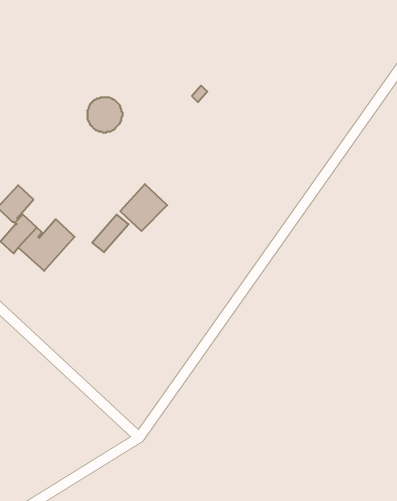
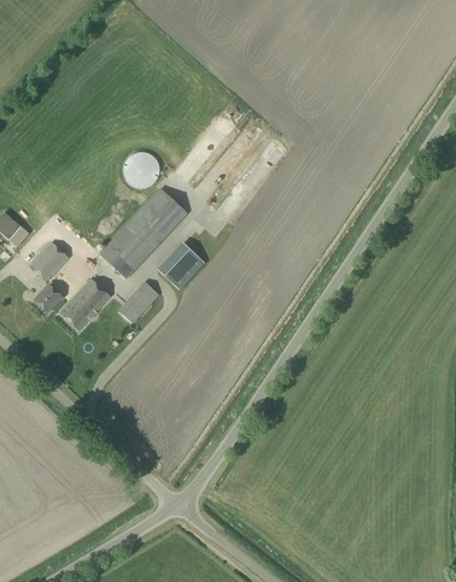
building: none -> [99,189,186,278]

